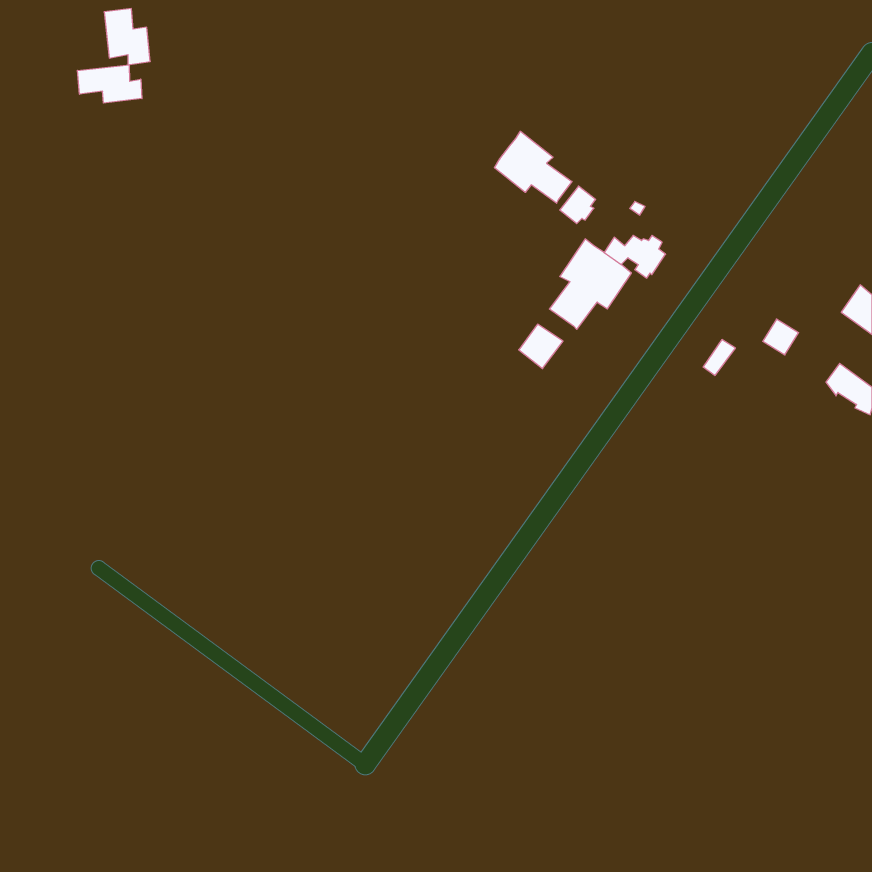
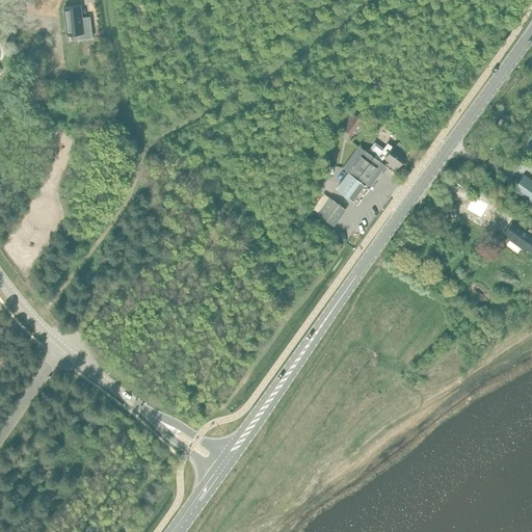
building: [77,65,142,103] -> none
building: [494,131,572,203] -> none

